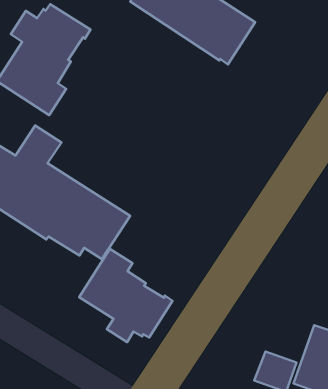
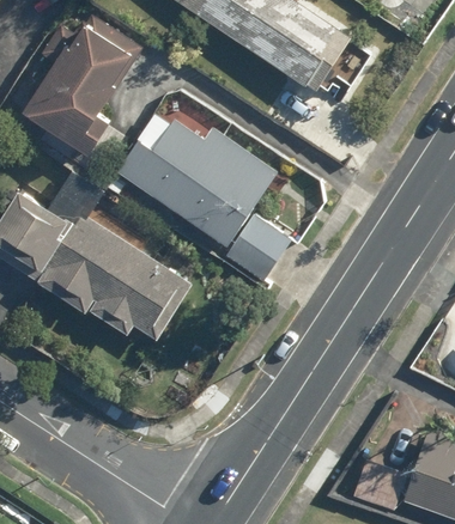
building: none -> [116,115,292,281]
building: [79,249,173,342] -> none

